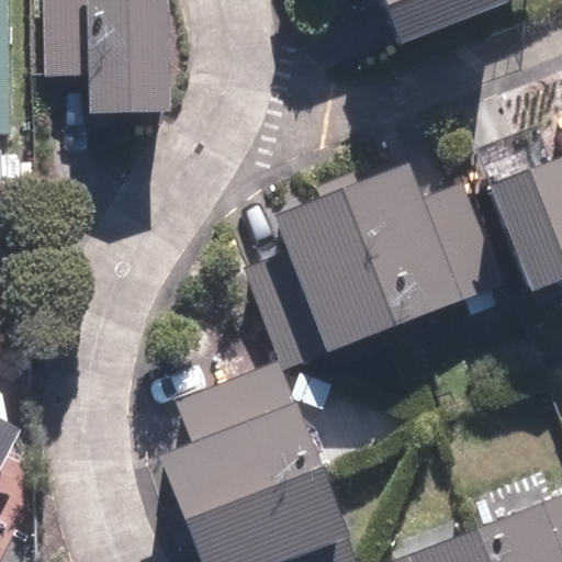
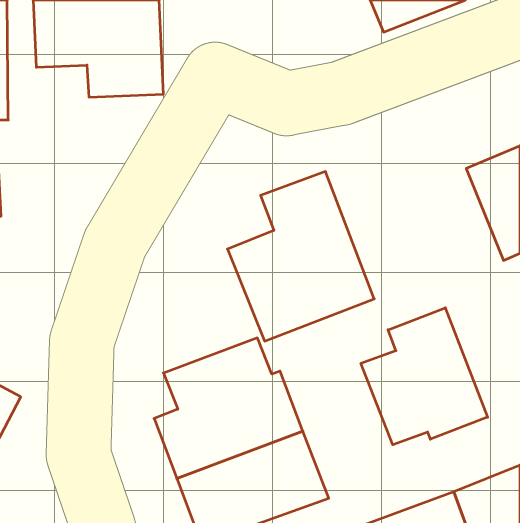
building: [346,164,497,323] -> none
building: none -> [361,308,488,445]

